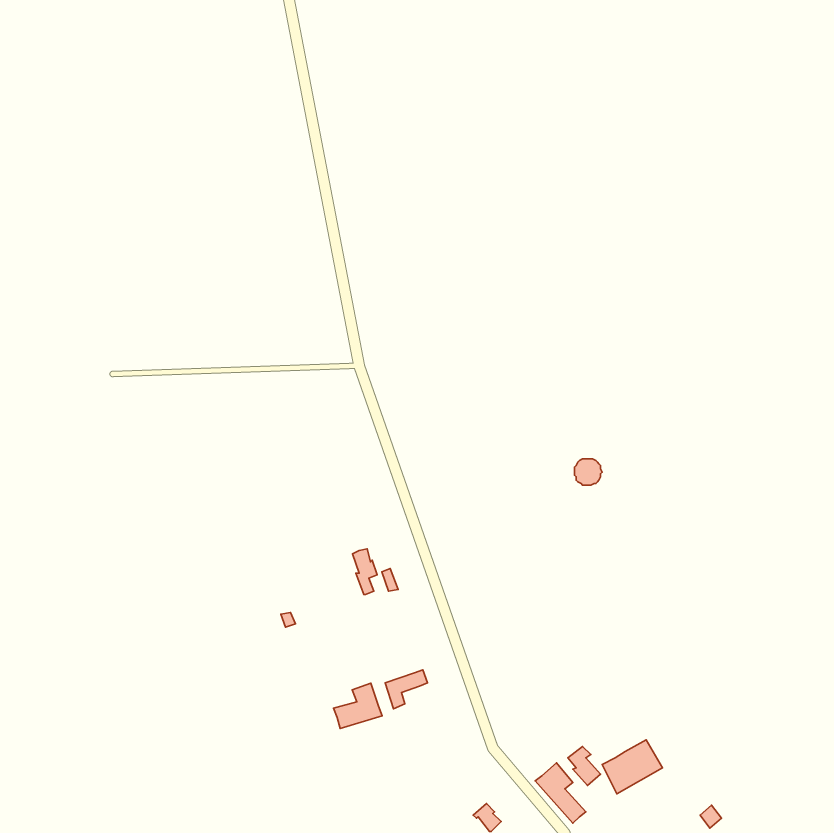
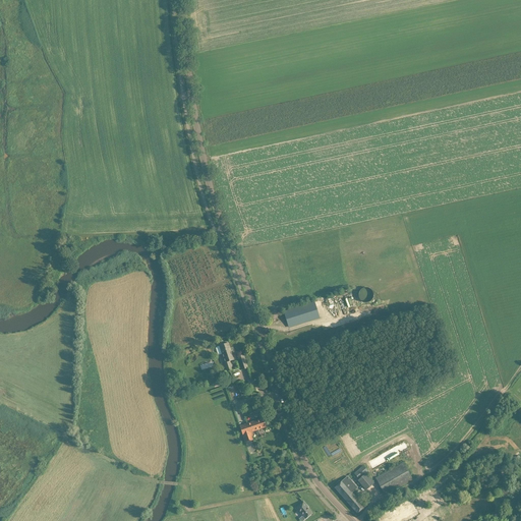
building: none -> [284,301,320,326]
building: [333,683,382,729] -> none

